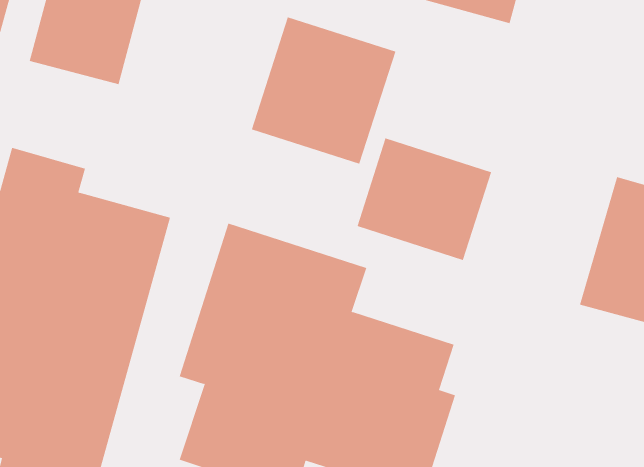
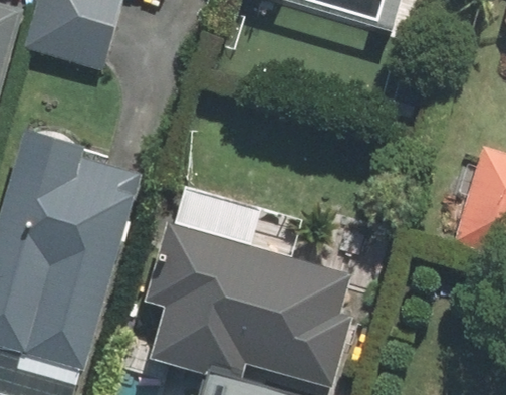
building: [251,17,396,164] -> none
building: [357,138,492,261] -> none

